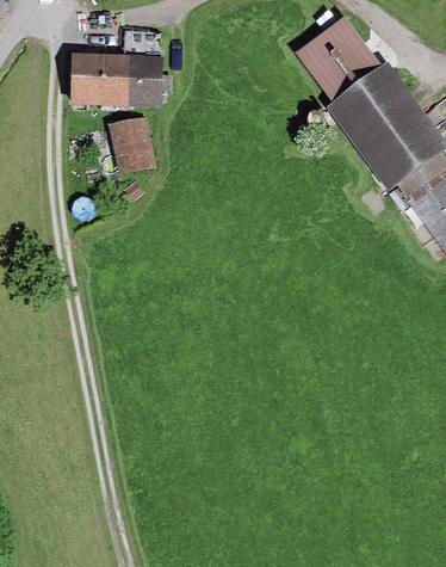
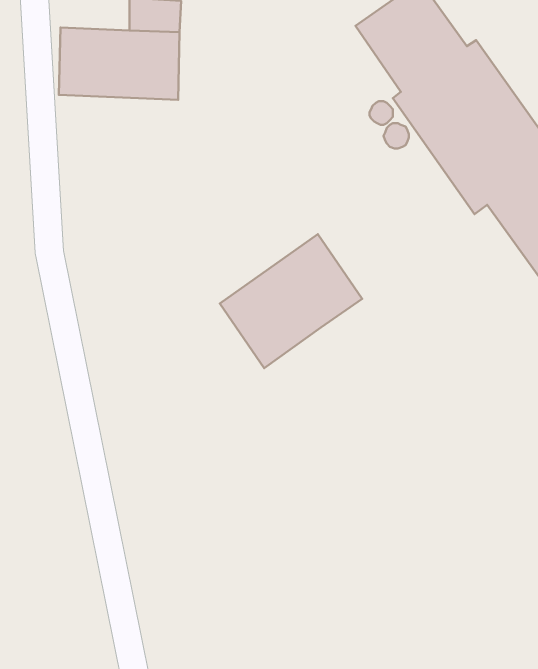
building: [109,115,156,172] -> none
building: none -> [220,234,362,368]

